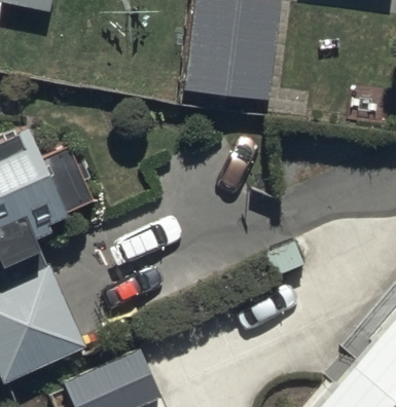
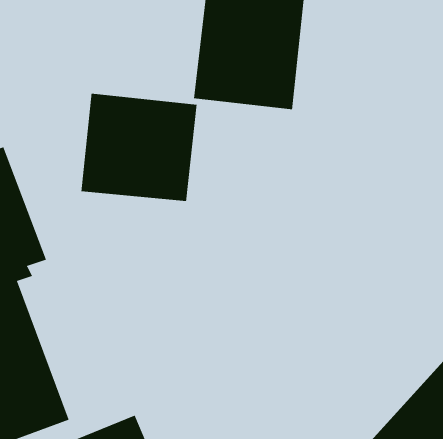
building: none -> [81,93,197,202]

